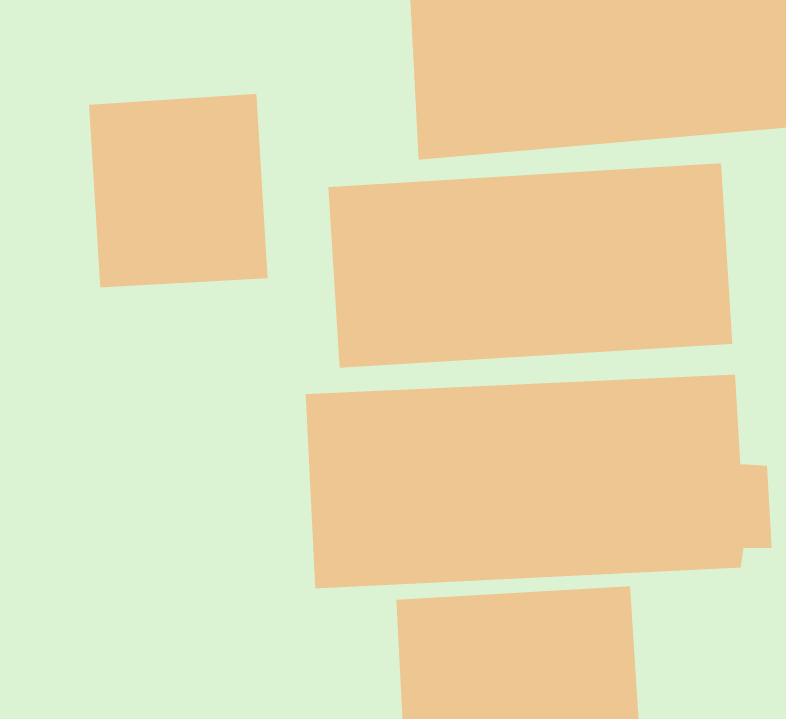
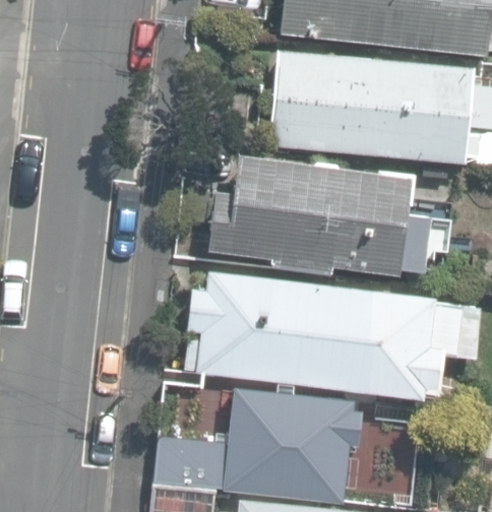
building: [89,93,268,288] -> none

